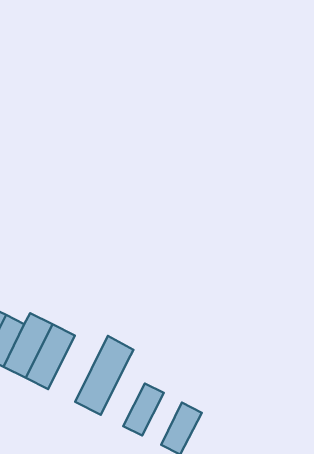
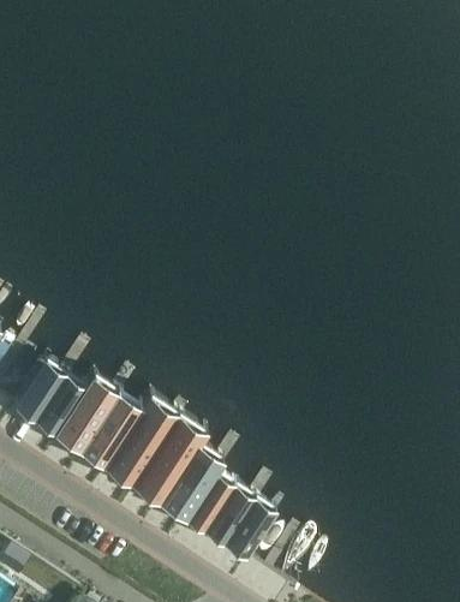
building: none -> [103,397,178,485]
building: none -> [160,446,221,519]
building: none -> [204,487,253,546]

